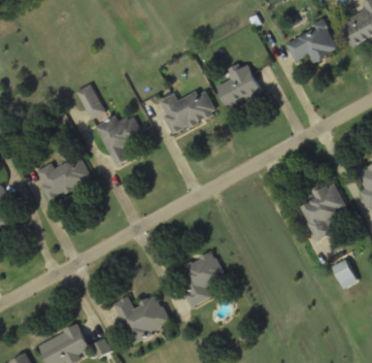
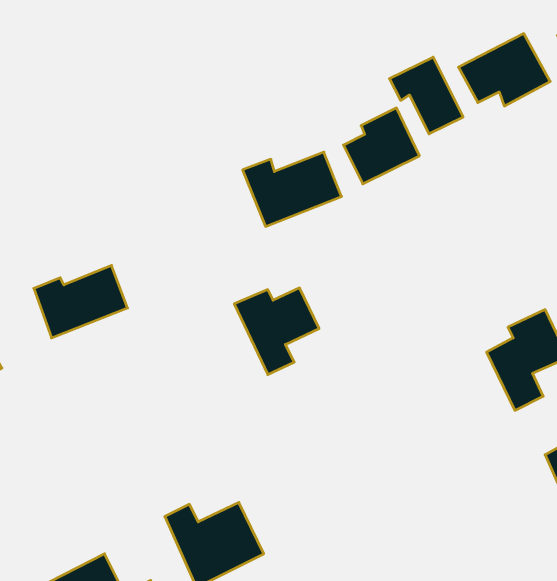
building: none -> [389,57,463,134]
building: [77,84,105,120] -> none
building: [96,114,145,165] -> [234,288,319,375]
building: [177,251,225,305] -> none

